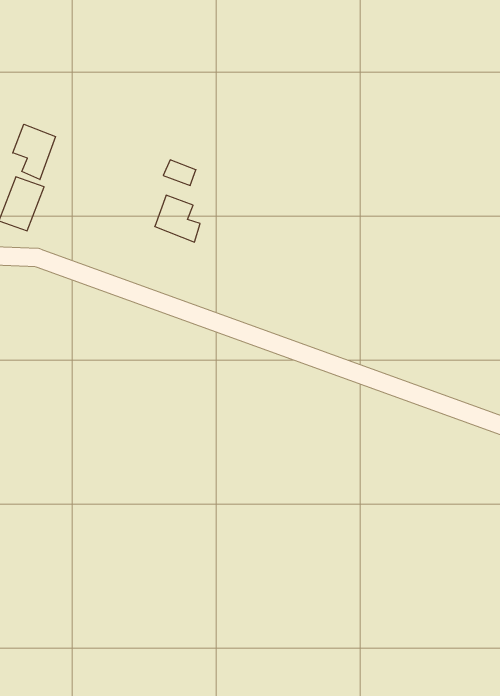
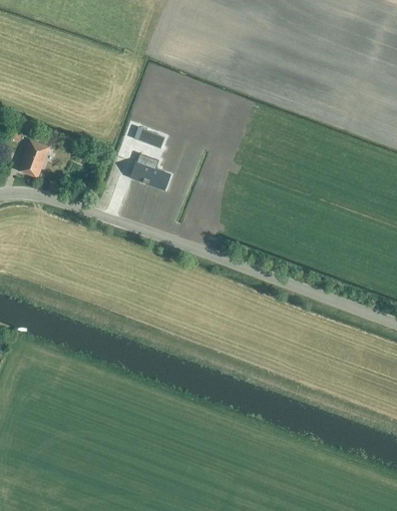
building: [13,124,56,180] -> none

